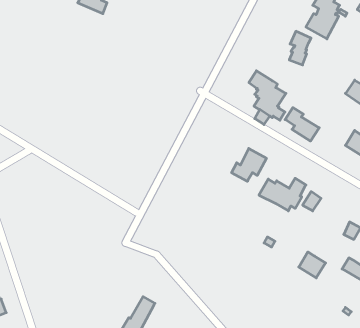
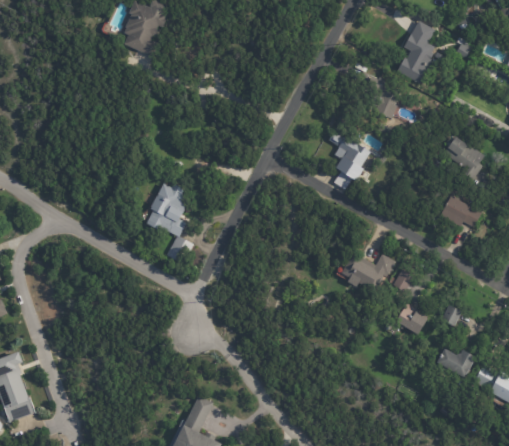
building: [285,108,319,141] -> none
building: none -> [147,189,193,265]
building: [232,148,266,181] -> none
building: [299,252,326,278] -> [396,304,428,335]

